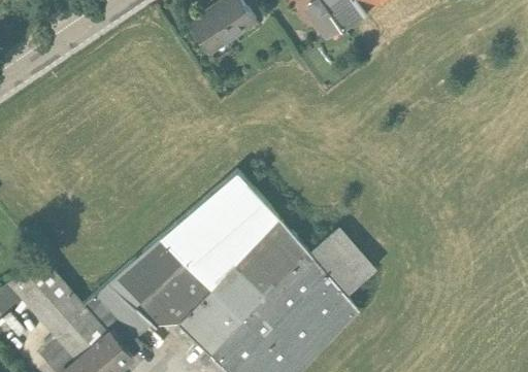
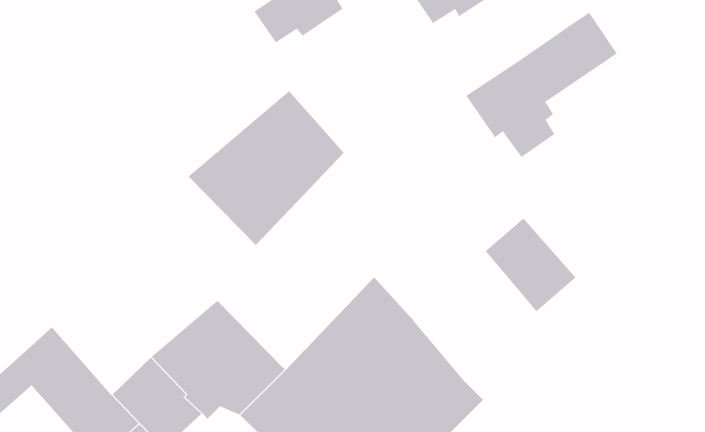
building: none -> [465,12,618,158]
building: [162,174,278,290] -> [188,90,345,246]
building: [308,229,376,299] -> [485,218,576,312]

